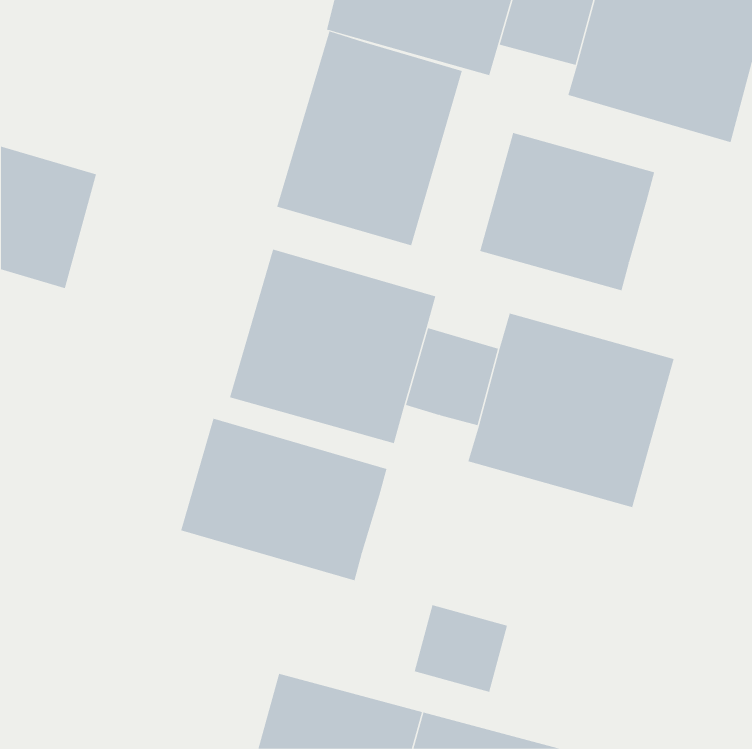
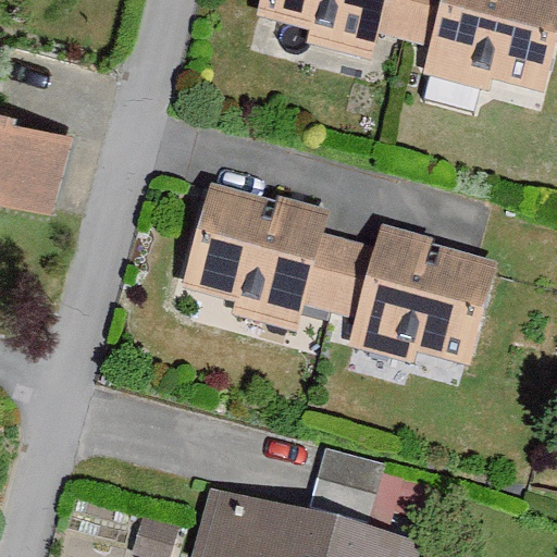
building: [276,31,462,246] -> none
building: [479,132,655,291] -> none
building: [181,418,387,581] -> none

